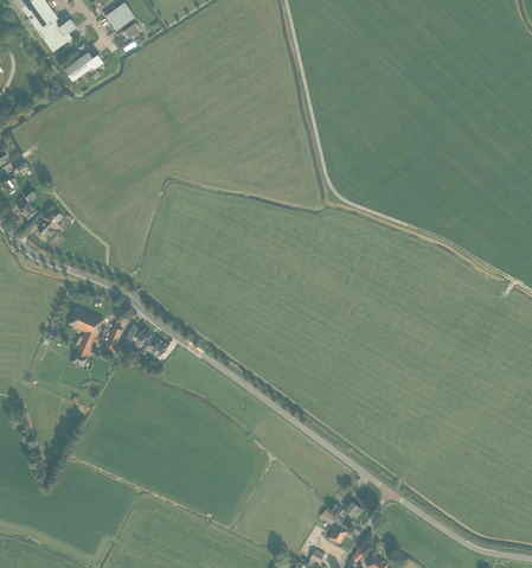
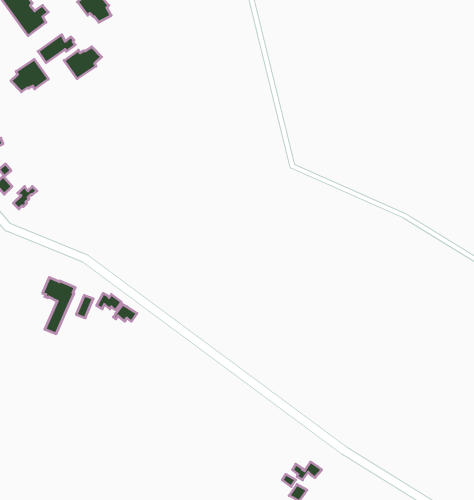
building: none -> [64,47,102,79]
building: none -> [11,59,48,92]

